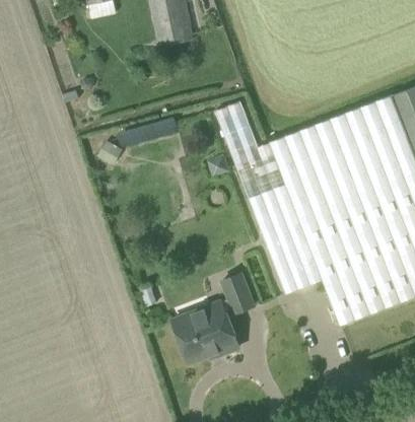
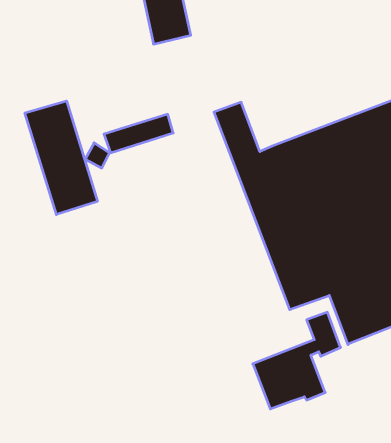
building: none -> [25,101,97,215]
building: [172,273,254,362] -> [253,312,341,409]

